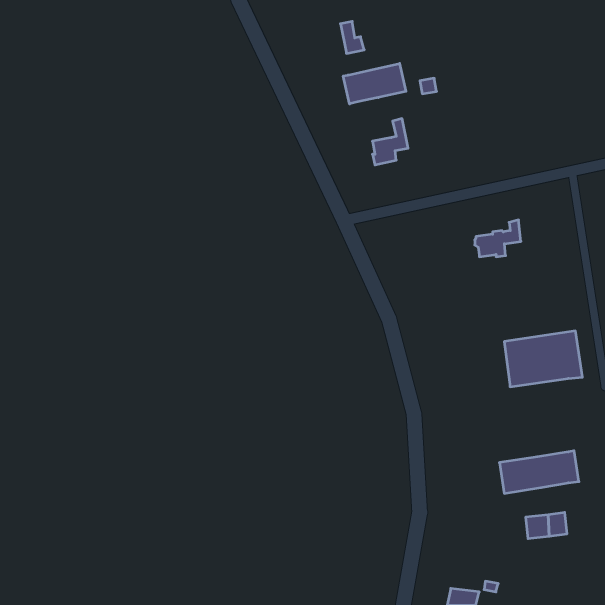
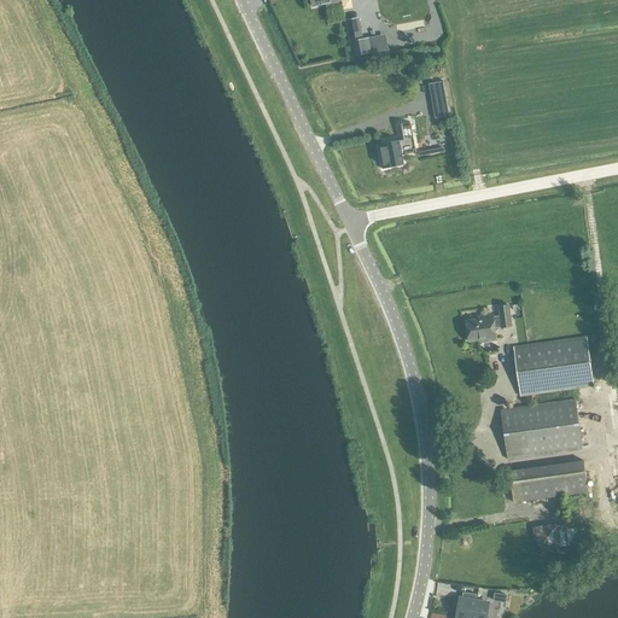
building: [343,63,406,104] -> none
building: [475,220,521,257] -> [464,303,511,340]
building: none -> [500,400,582,459]

